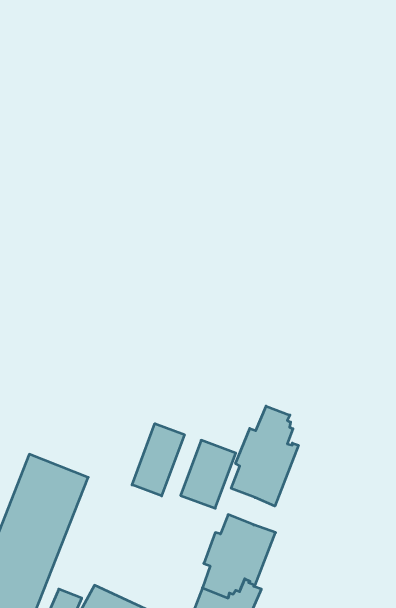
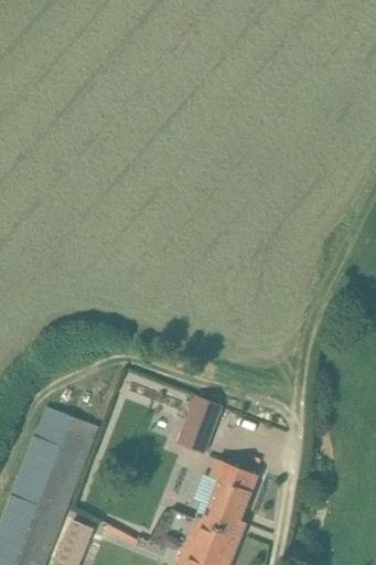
building: [231,406,298,506] -> none
building: [132,424,184,496] -> none

